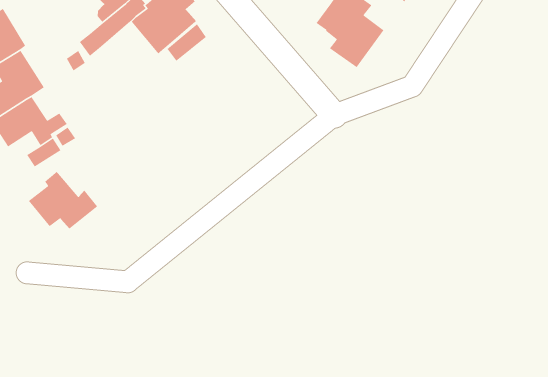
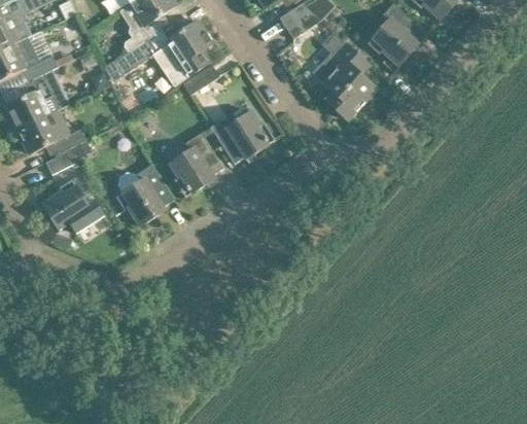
building: none -> [211,111,276,164]
building: none -> [170,126,224,192]
building: none -> [116,165,174,225]

